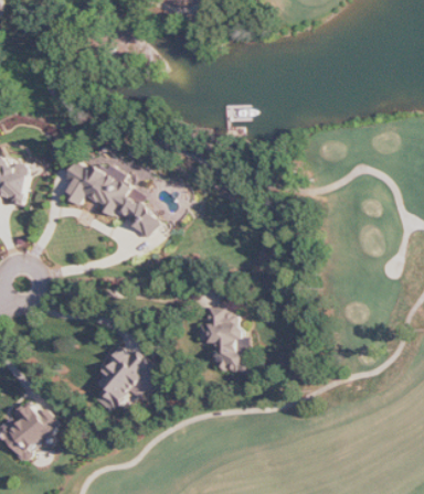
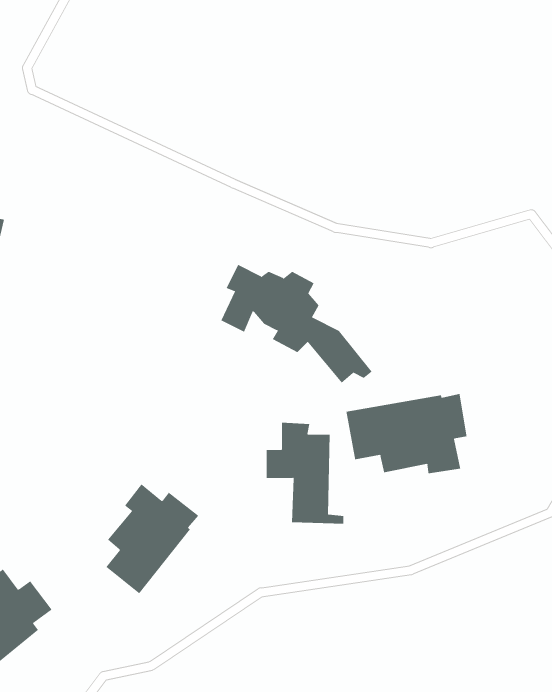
building: [64,160,162,237] -> [221,264,372,384]
building: none -> [346,393,467,474]

